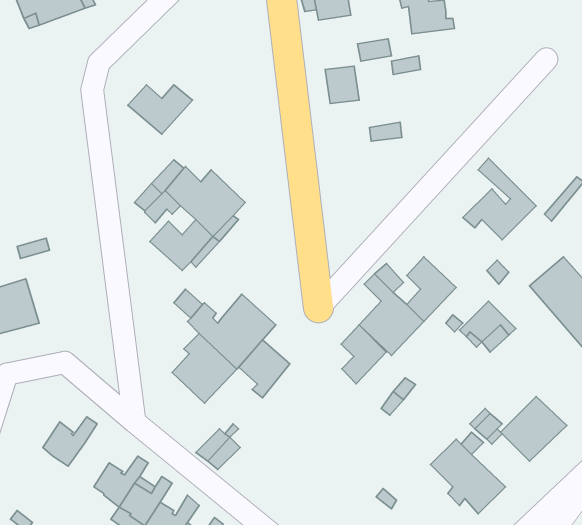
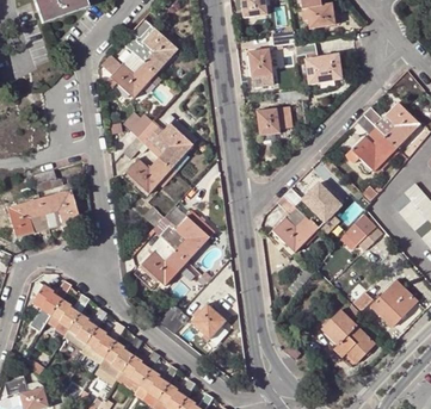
building: none -> [121,17,178,73]
building: none -> [306,54,341,82]
building: none -> [363,101,420,147]
building: none -> [255,106,291,135]
building: none -> [38,190,79,229]
building: [341,325,386,384] -> none
building: [239,340,290,398] -> [190,302,226,342]
building: none -> [32,280,70,316]
building: none -> [68,308,106,343]

